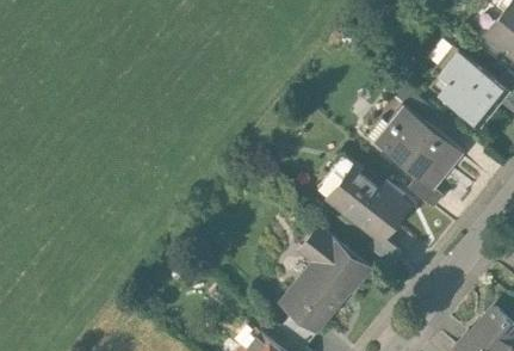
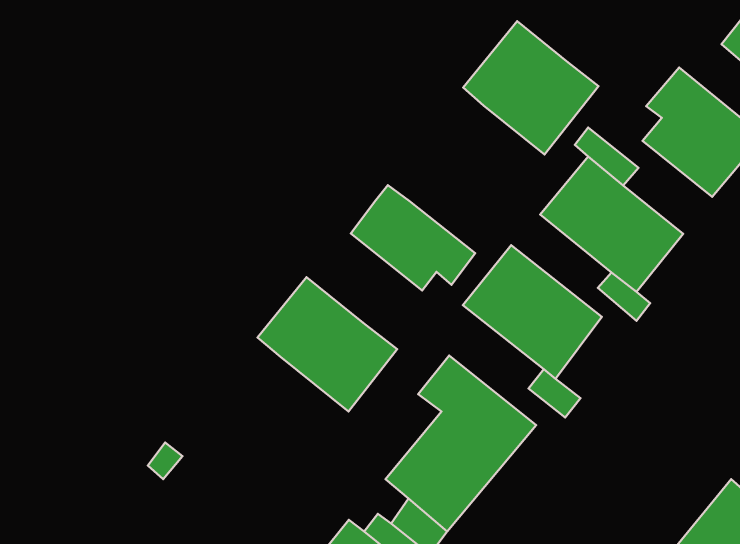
building: none -> [463,21,599,155]
building: none -> [351,185,475,290]
building: none -> [258,277,397,411]

